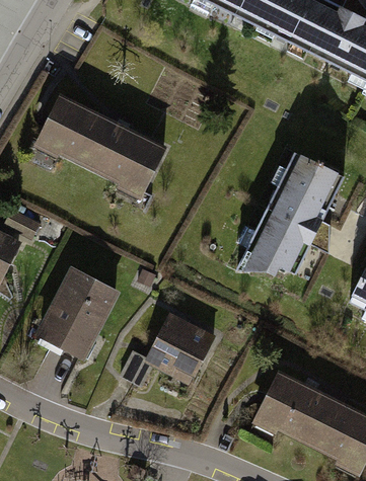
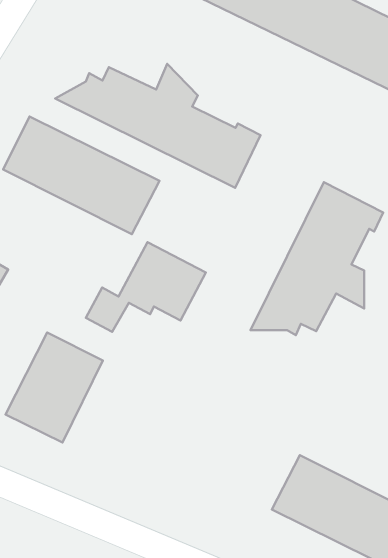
building: none -> [55,64,260,188]
building: [119,312,215,384] -> [86,242,206,332]

